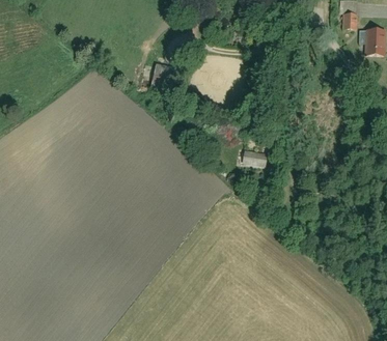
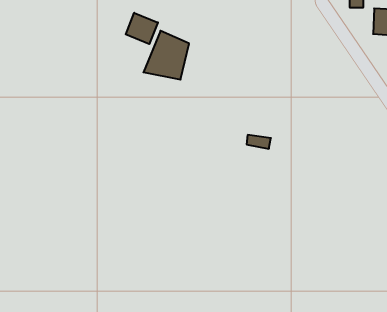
building: none -> [126,13,158,44]

